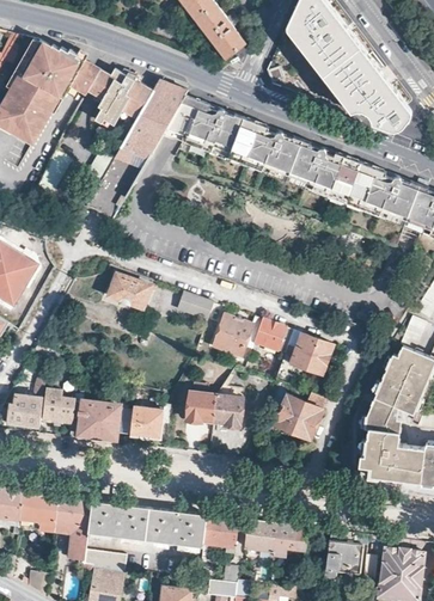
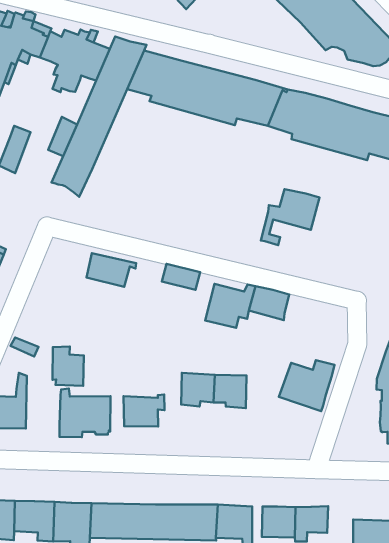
building: [275,335,332,385] -> [261,189,319,245]
building: [43,390,74,428] -> [52,347,84,386]

